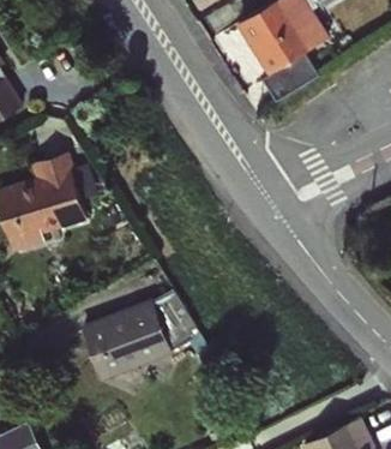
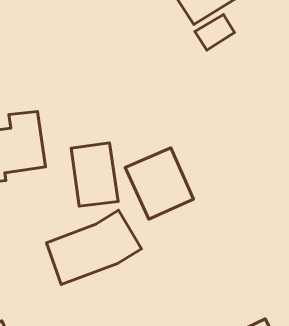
building: none -> [71,143,118,206]
building: none -> [125,148,193,219]

